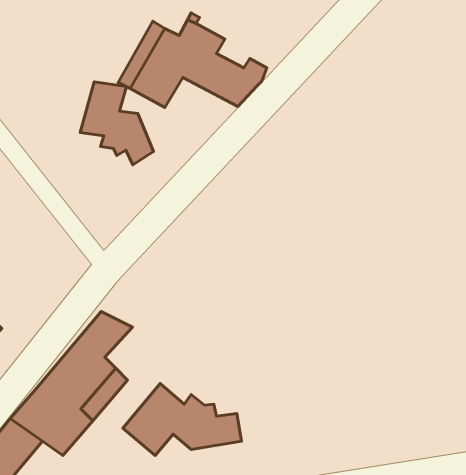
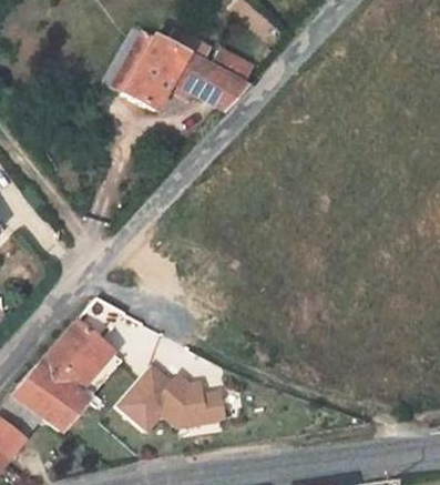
building: [80,82,153,165] -> none

